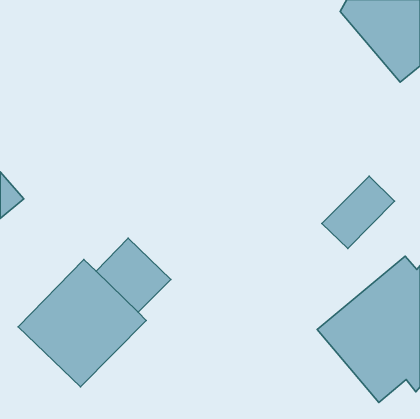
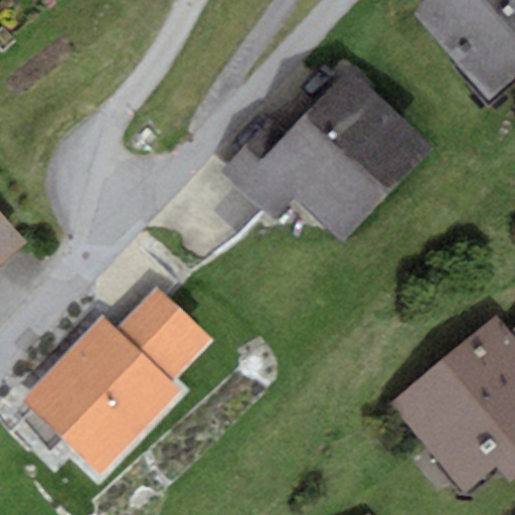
building: none -> [220,68,428,238]
building: [322,176,395,249] -> none

